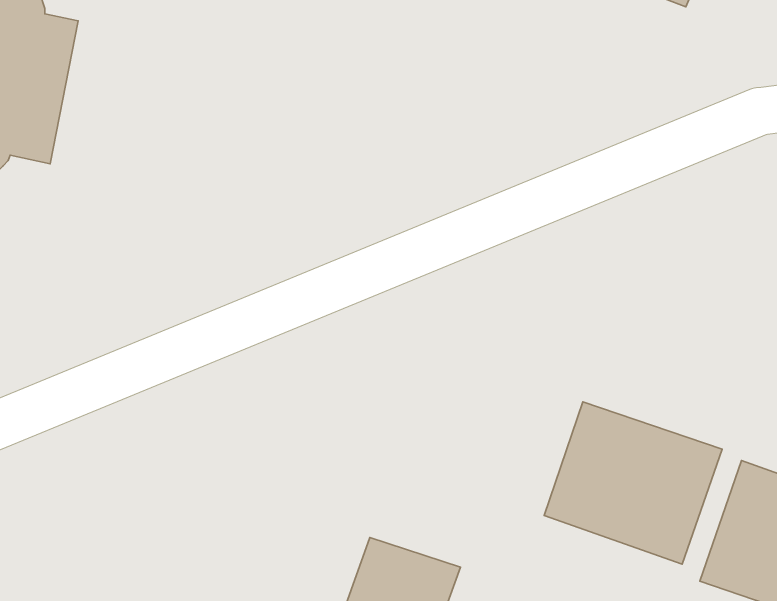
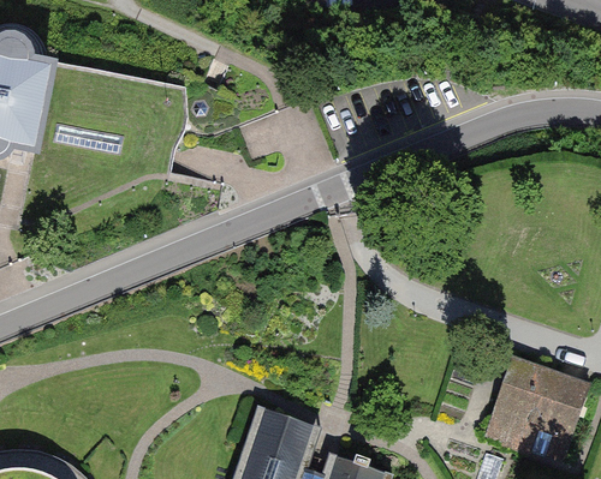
building: [544,402,722,564] -> none

